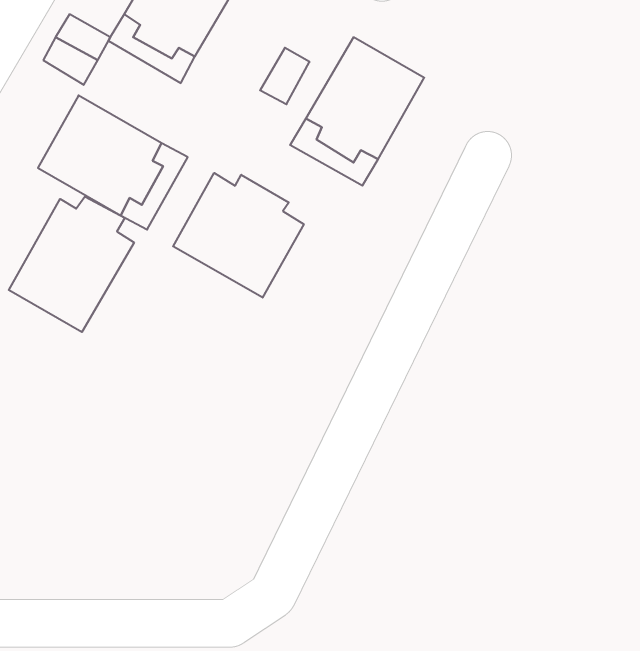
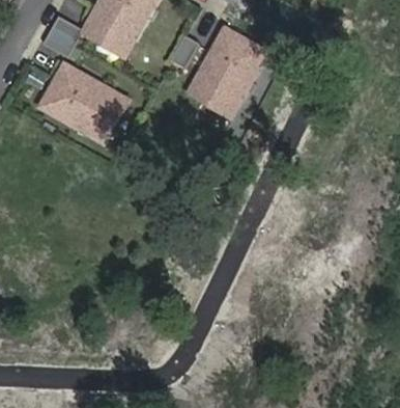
building: [173,173,304,298] -> none
building: [9,197,134,332] -> none

